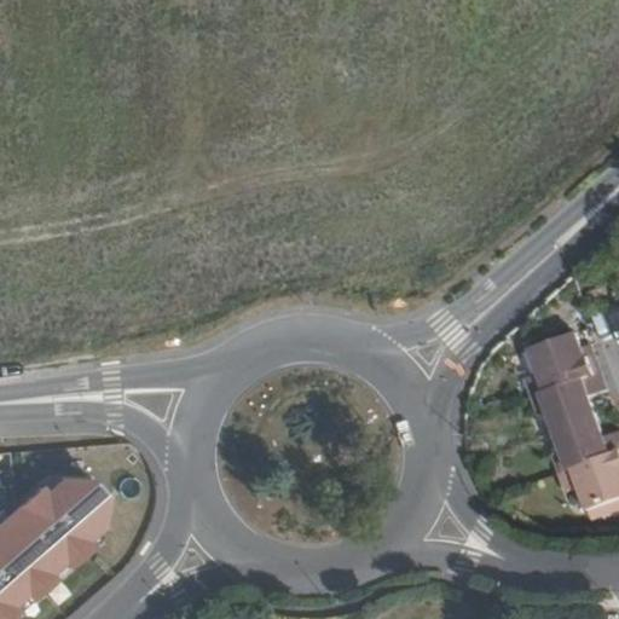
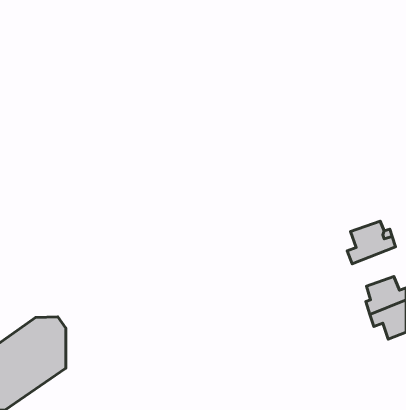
building: [530,371,602,430] -> none

